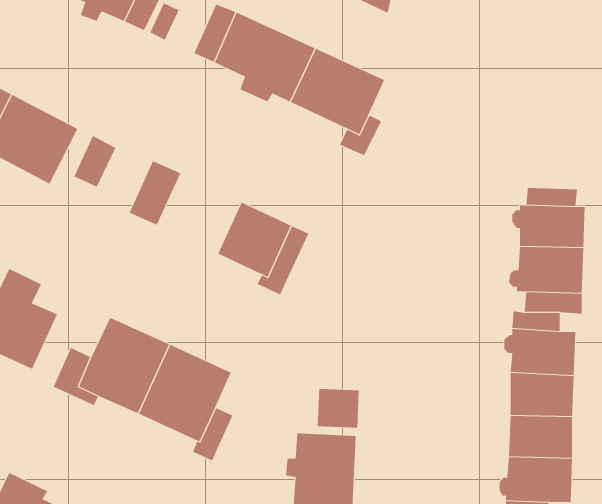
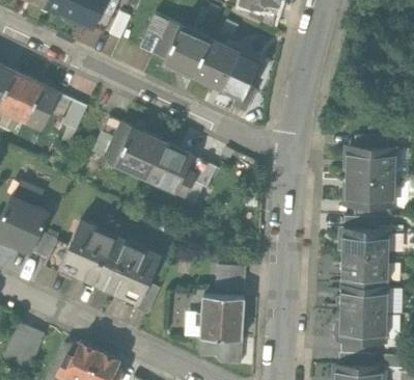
building: none -> [112,126,167,179]

